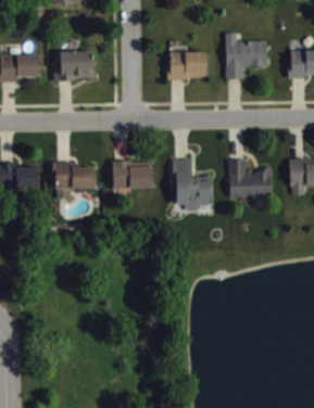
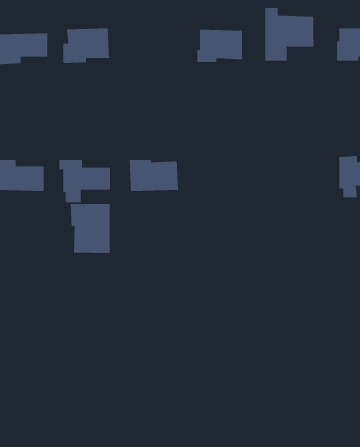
building: [172,158,212,208] -> none
building: [229,160,273,196] -> none
building: none -> [70,203,110,254]

